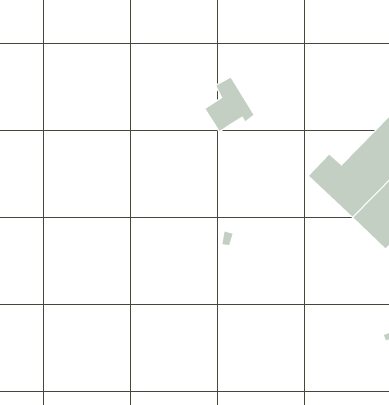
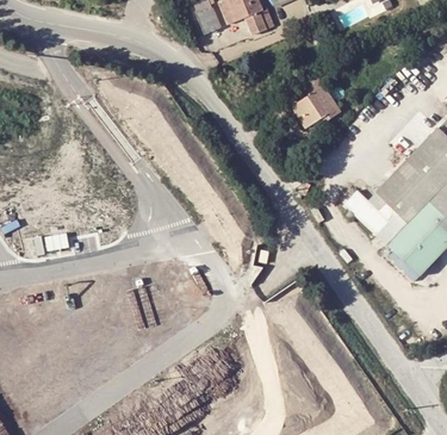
building: [204,77,255,132] -> [292,73,341,126]

